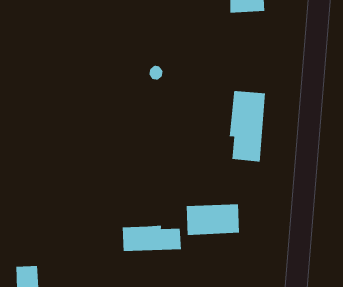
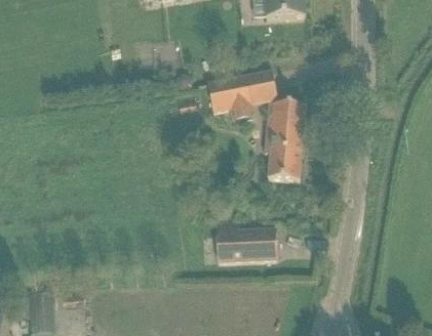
building: none -> [206,71,276,112]
building: [122,225,181,252] -> none

